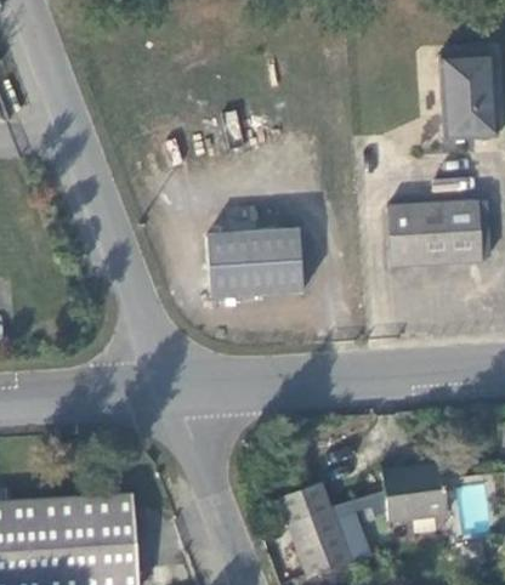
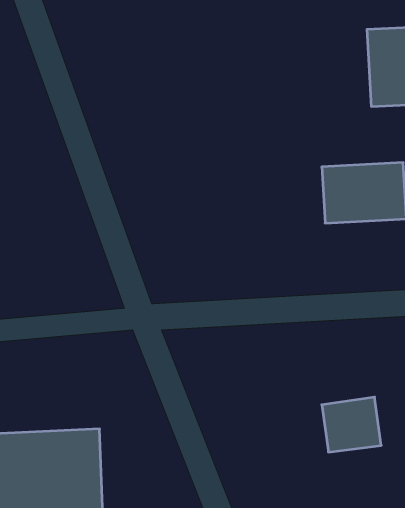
building: [202,231,297,299] -> none
building: [278,481,371,575] -> none

